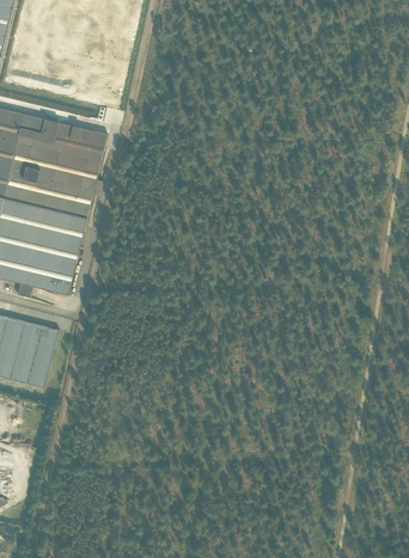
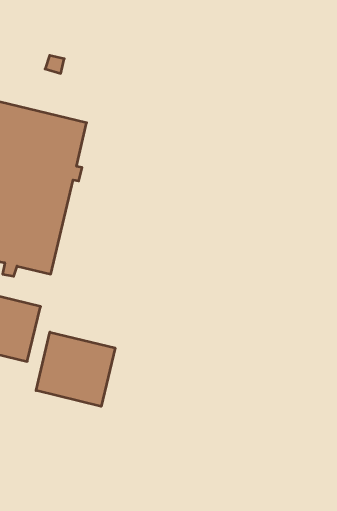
building: none -> [36,332,115,406]

